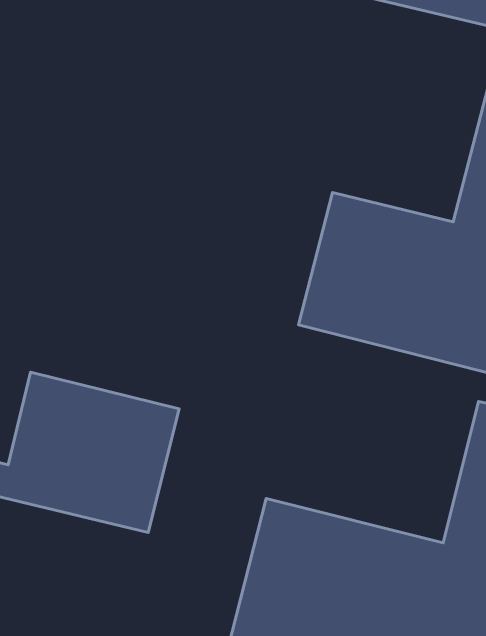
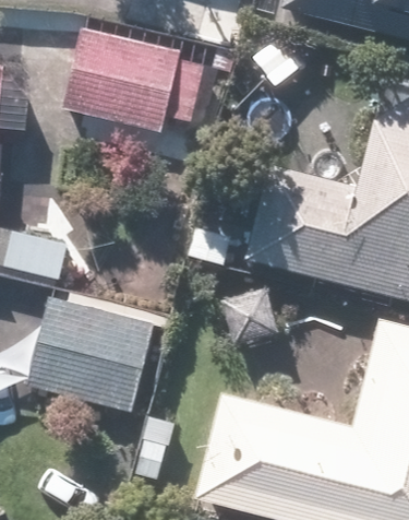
building: none -> [62,25,210,141]

